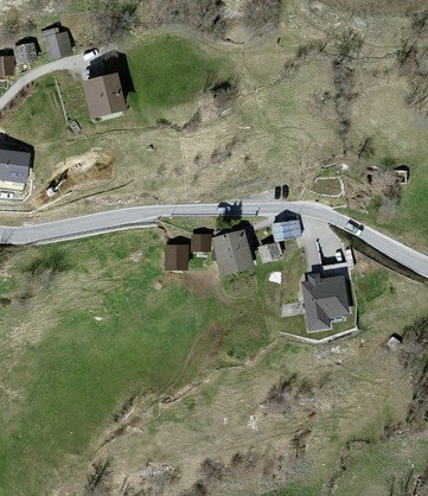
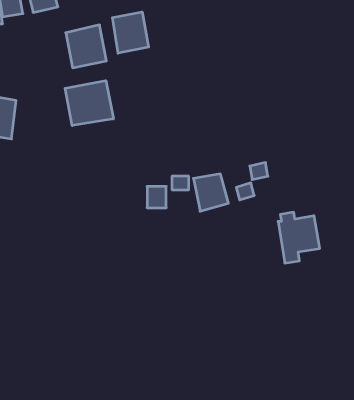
building: none -> [112,12,149,53]
building: none -> [65,81,113,126]

